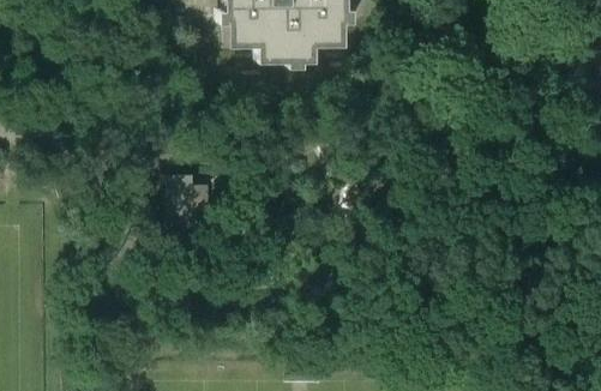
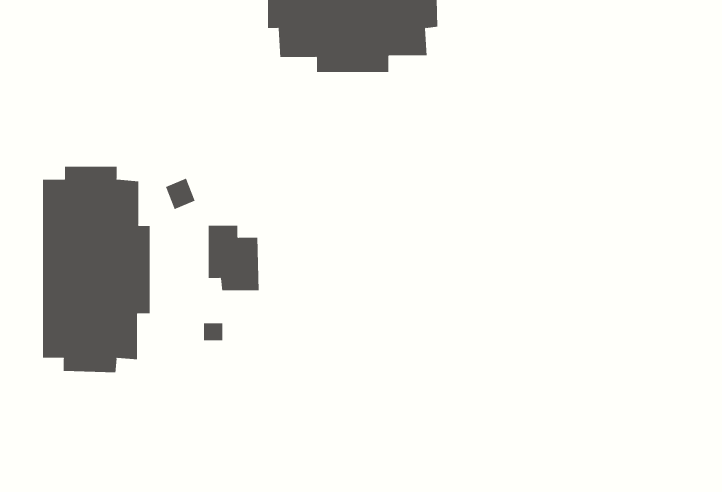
building: none -> [43,166,150,373]

